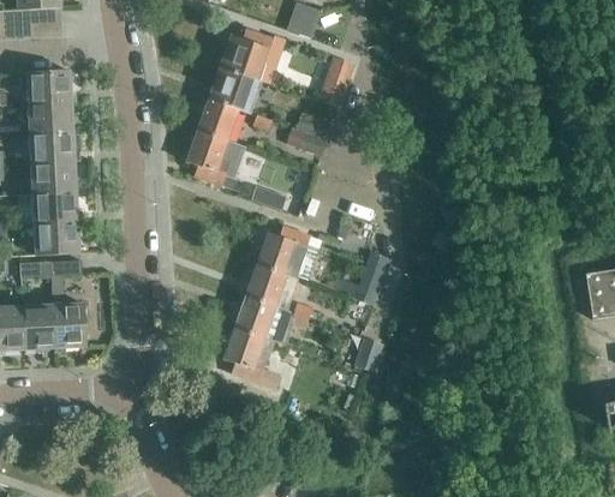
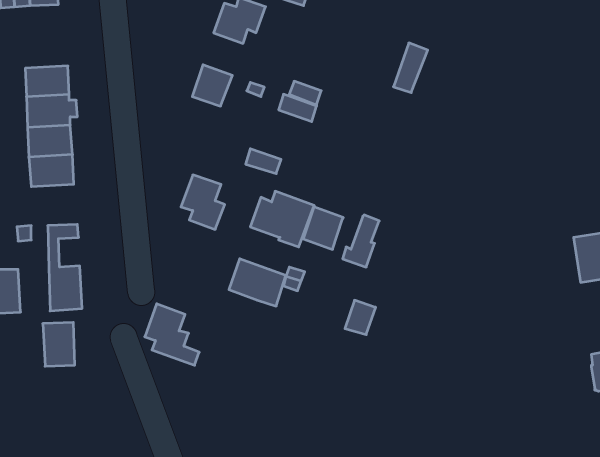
building: [317,55,352,106] -> [393,43,428,93]
building: [209,65,263,113] -> none
building: [26,70,72,101] -> none
building: [186,130,231,185] -> [181,175,225,229]
building: [35,218,79,255] -> none
building: [246,262,287,305] -> [303,207,343,249]
building: [22,304,54,348] -> [43,322,75,366]
building: [223,325,279,388] -> [145,304,199,365]

